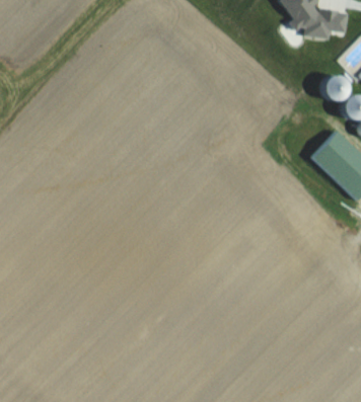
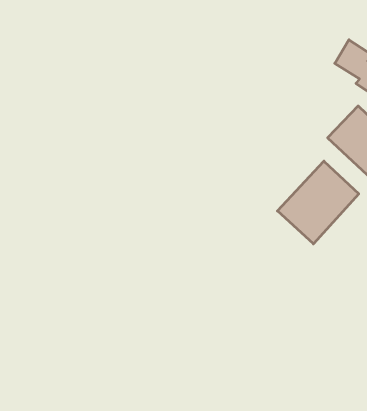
building: none -> [277,161,359,244]

